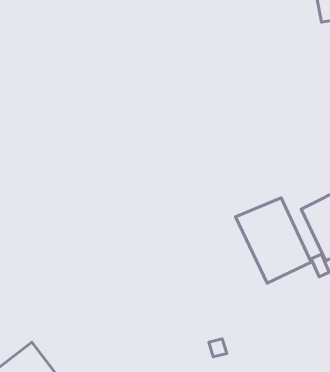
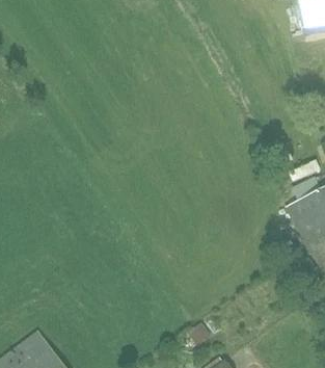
building: [236,198,311,283] -> none

